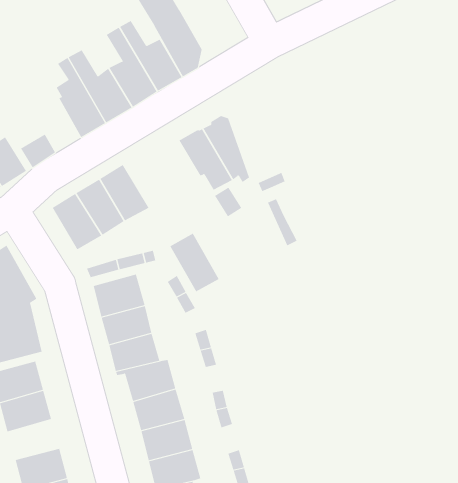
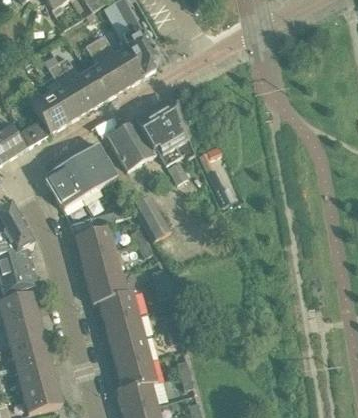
building: none -> [20,78,66,133]
building: none -> [108,118,156,169]
building: none -> [10,336,50,367]

